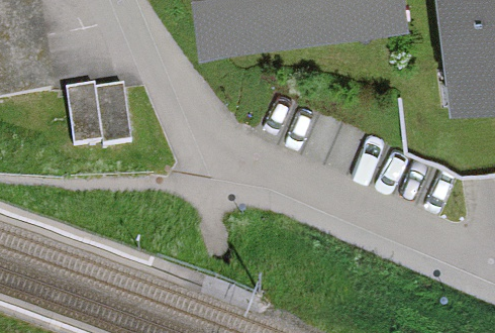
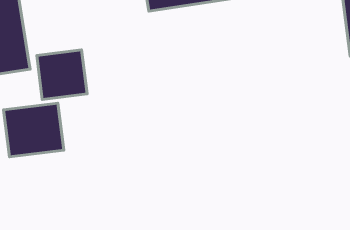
building: none -> [4,103,64,157]

